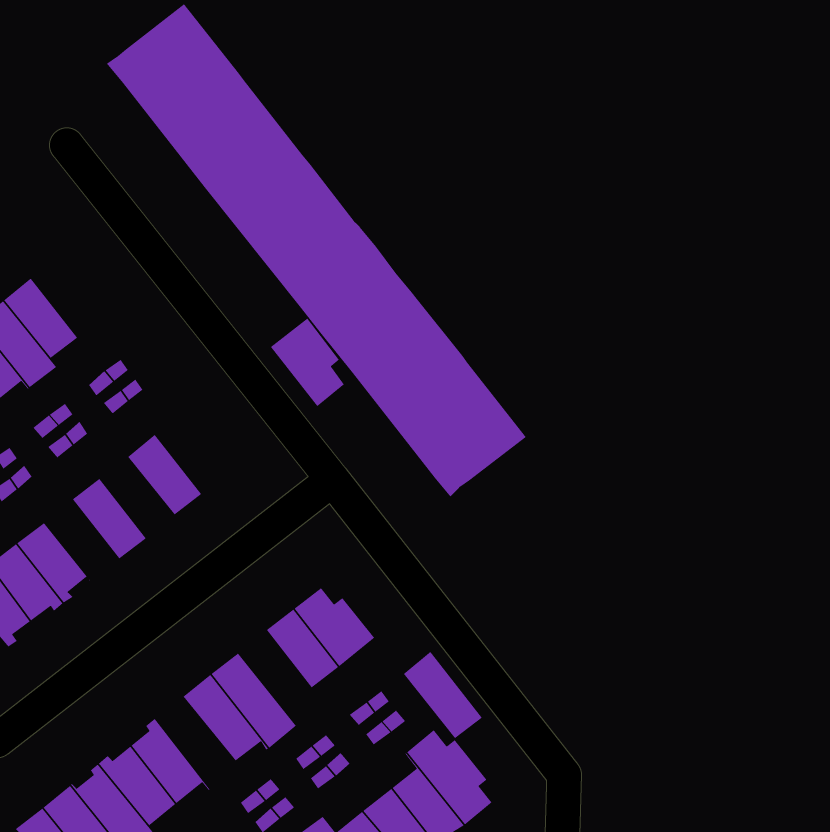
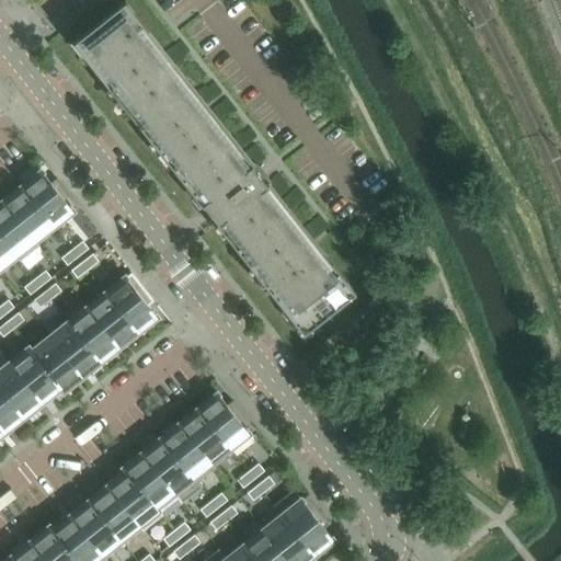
building: none -> [21,173,77,228]
building: [270,317,345,407] -> [104,273,154,333]
building: none -> [67,308,117,363]
building: none -> [30,336,80,391]
building: [403,651,483,739] -> [160,424,214,483]
building: none -> [104,469,161,531]

